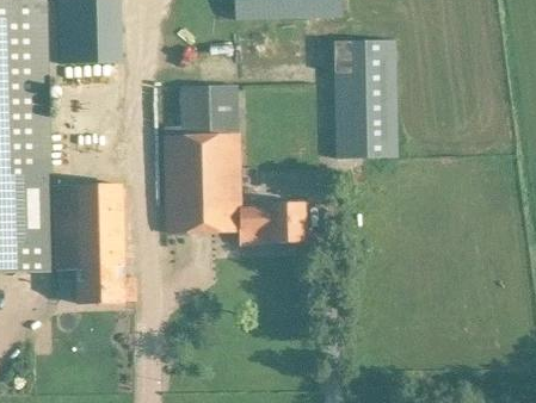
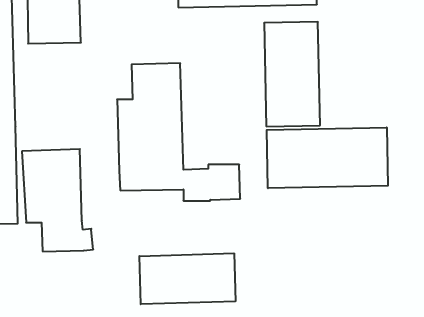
building: none -> [267,127,388,188]
building: none -> [139,253,235,304]

